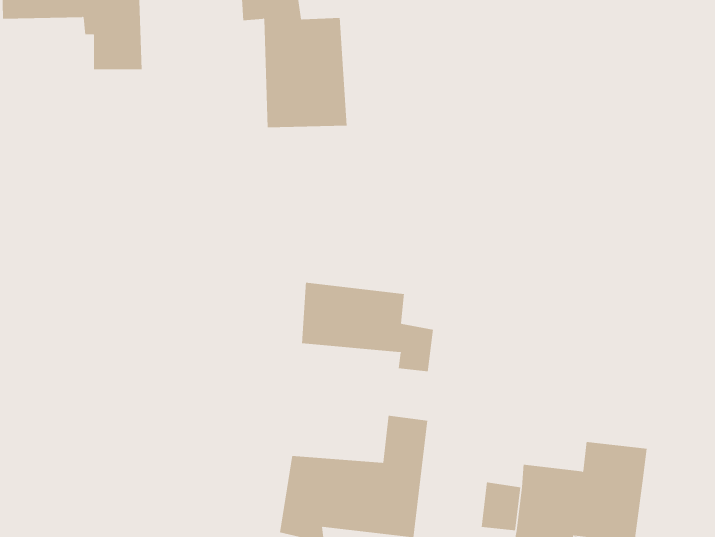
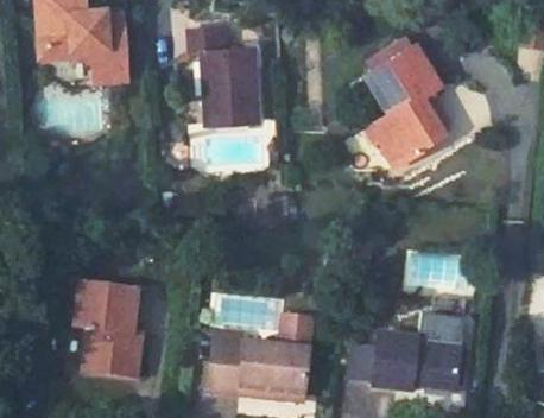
building: none -> [372,48,444,169]
building: [301,282,433,372] -> none
building: none -> [83,284,147,376]

